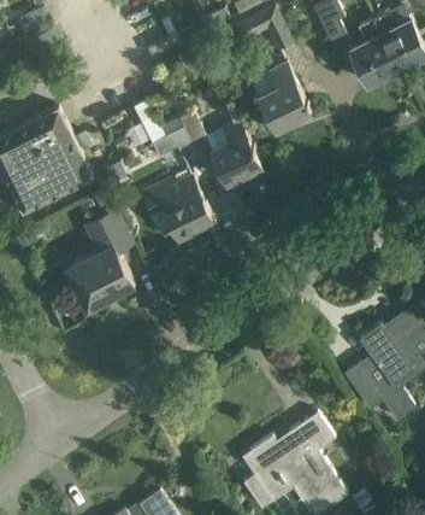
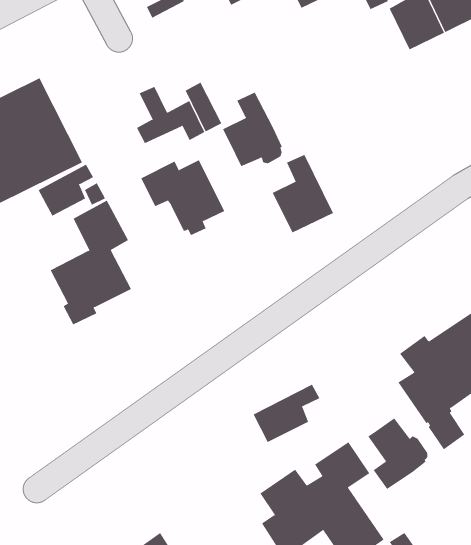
building: [258,65,309,131] -> [272,154,334,233]
building: none -> [38,164,94,217]
building: none -> [253,384,320,443]
building: none -> [367,417,428,490]

